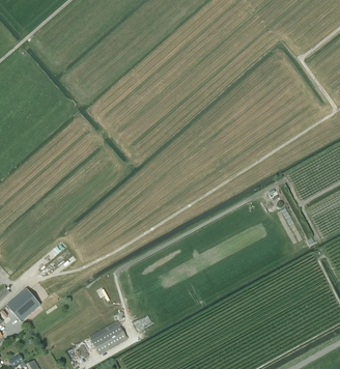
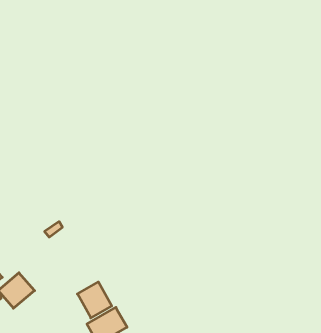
building: none -> [77,282,112,318]

